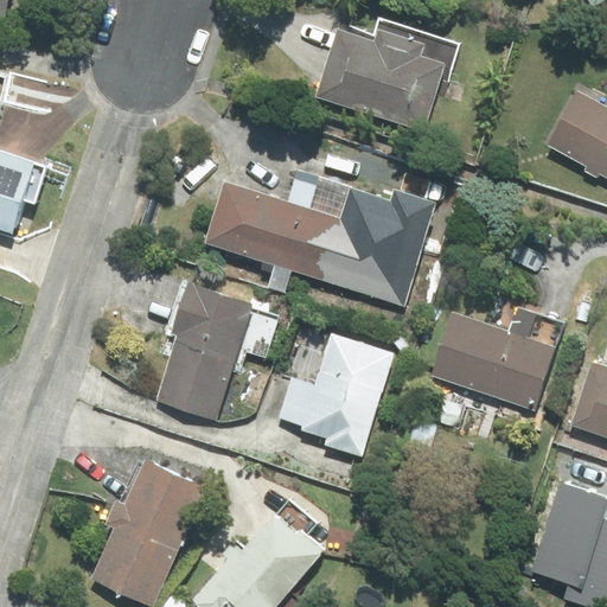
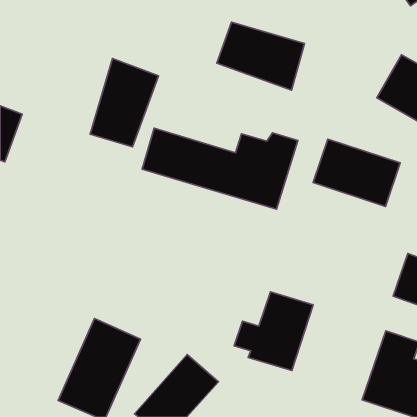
building: none -> [90,58,159,147]
building: [153,285,251,414] -> none
building: [429,313,555,410] -> [313,139,400,206]
building: [281,338,395,452] -> [234,292,313,371]

